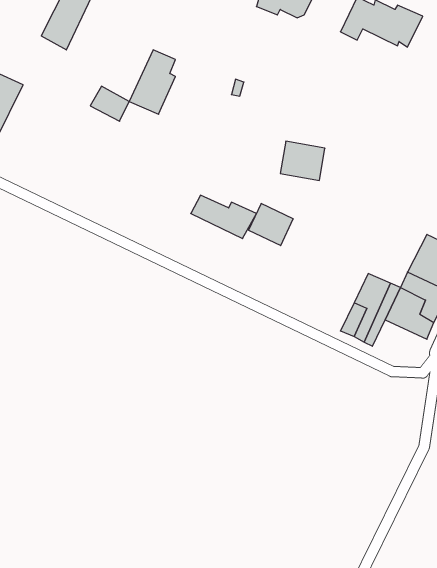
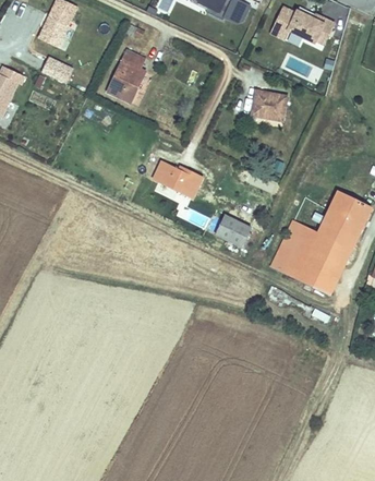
building: [90,86,129,121] -> [41,56,72,83]
building: [280,141,325,180] -> [253,87,288,118]
building: [249,204,293,246] -> [217,211,252,243]
building: none -> [297,257,339,293]

